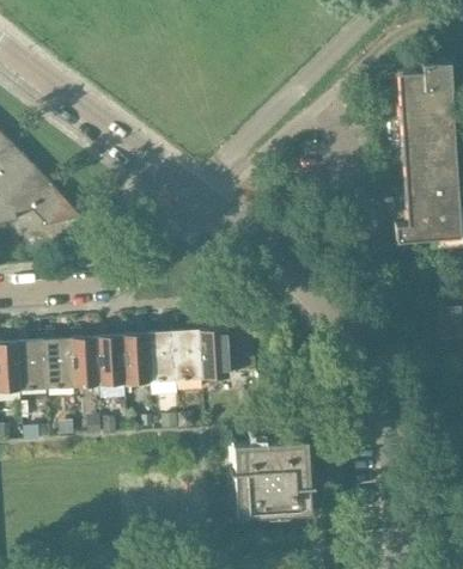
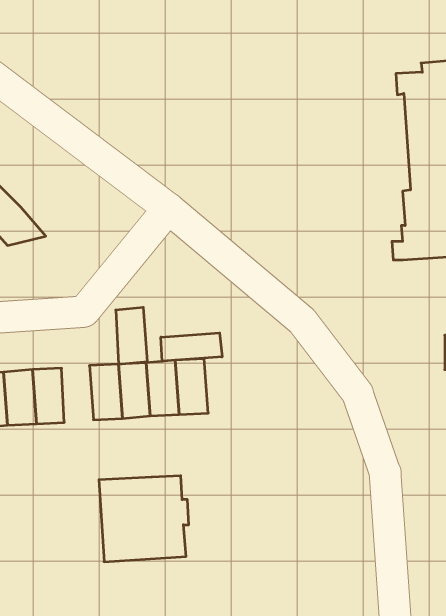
building: none -> [161,333,222,361]
building: [96,336,124,387] -> [116,307,147,364]
building: [232,440,313,518] -> [99,476,189,562]

